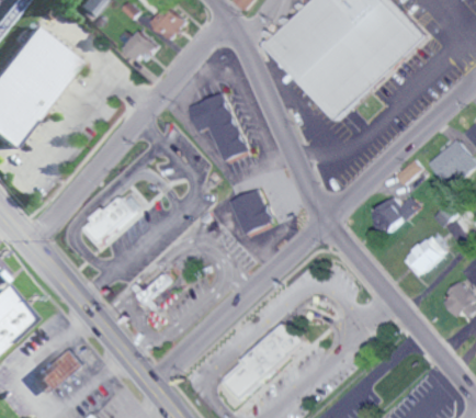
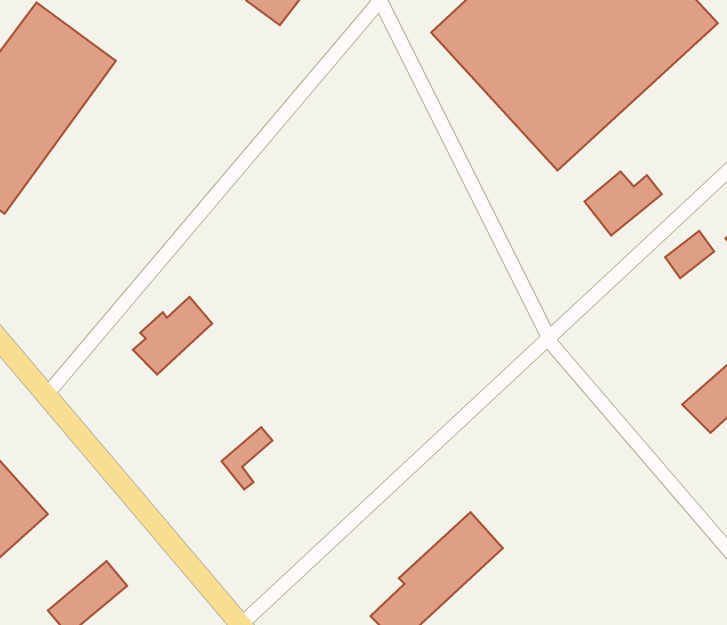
building: [120,29,157,59] -> none
building: [188,92,246,159] -> none
building: [229,189,271,234] -> none
building: [372,195,417,233] -> [585,171,662,236]

